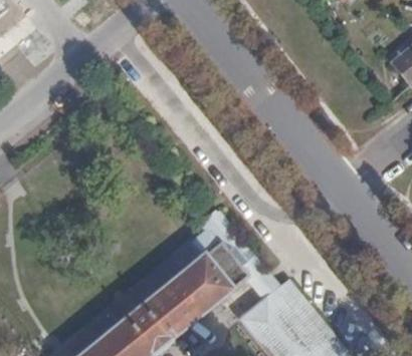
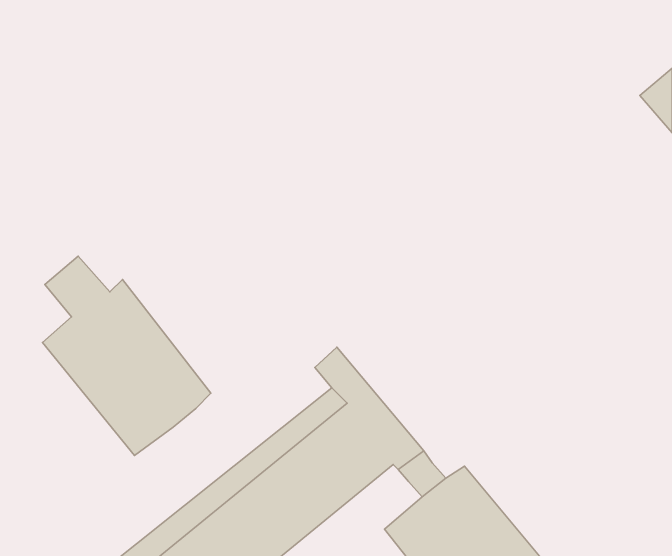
building: none -> [42,256,211,456]

